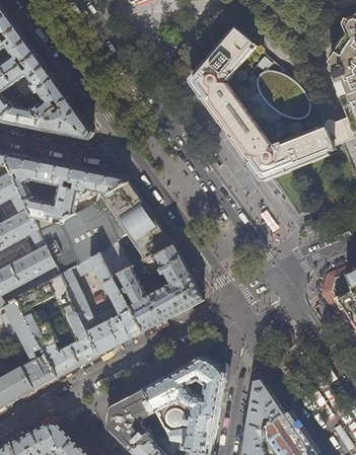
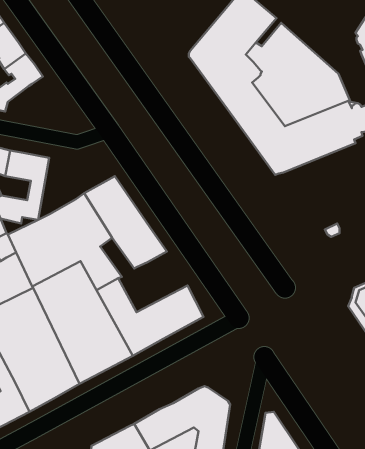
building: [35,99,91,140] -> none
building: [63,167,127,219] -> none
building: [144,244,188,284] -> none

